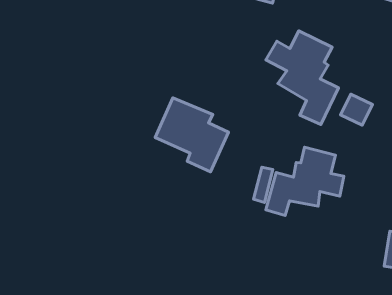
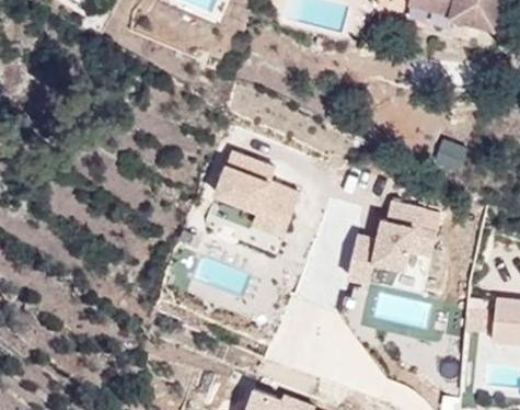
building: [266,31,339,125] -> none

